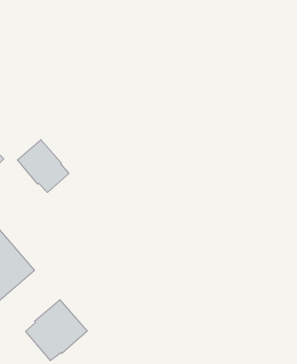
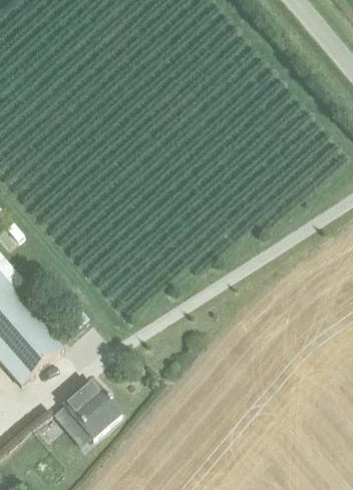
building: [17,140,69,192] -> none

